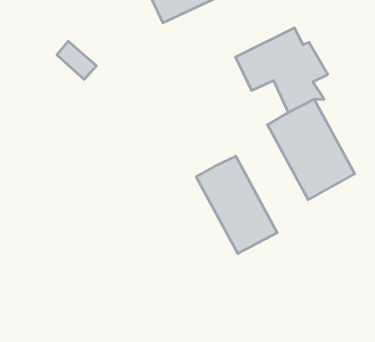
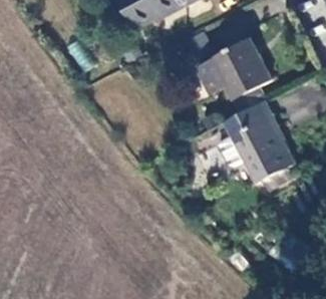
building: [196,156,277,254] -> none

